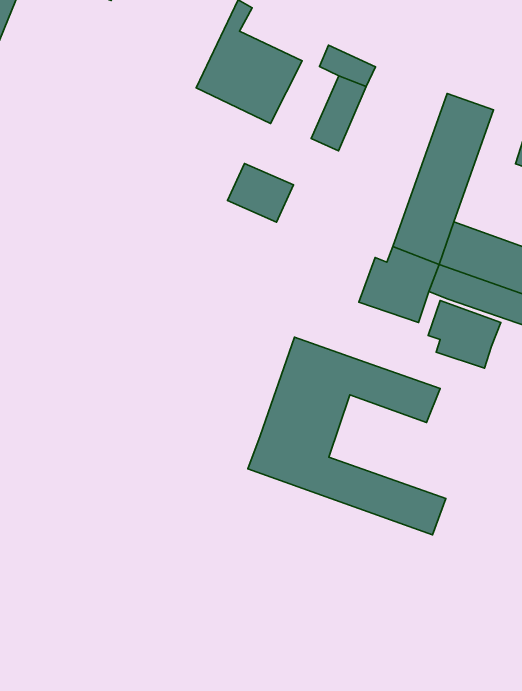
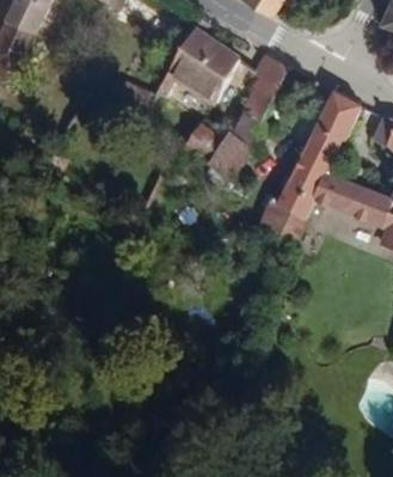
building: none -> [211,110,258,178]
building: [428,300,501,368] -> none
building: [248,337,446,535] -> none

